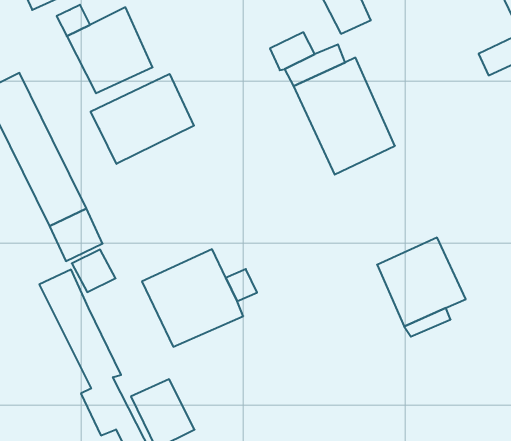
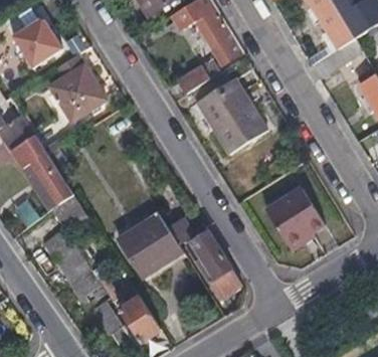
building: [91,74,194,164] -> none
building: none -> [186,231,242,299]

